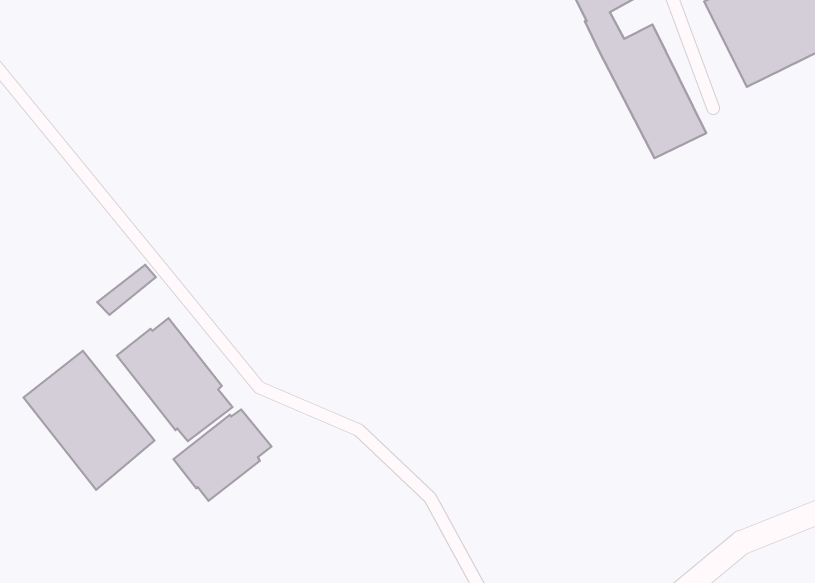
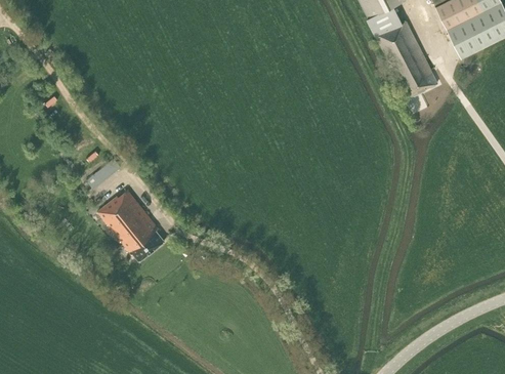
building: [24,351,154,490] -> none
building: [173,409,271,501] -> none

